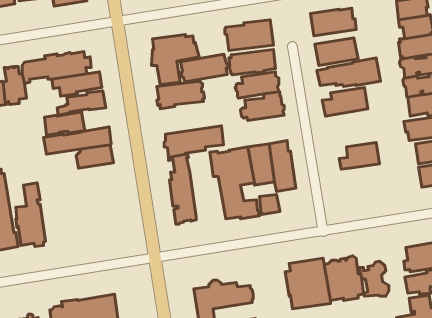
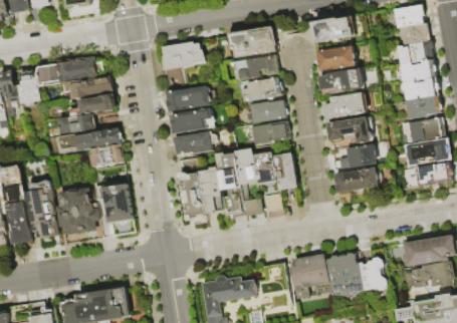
building: [180,54,228,82] -> [168,107,213,133]
building: none -> [324,116,371,143]
building: none -> [250,119,289,144]
building: none -> [196,166,223,214]
building: none -> [332,167,378,193]
building: none -> [102,184,133,225]
building: none -> [56,189,100,236]

